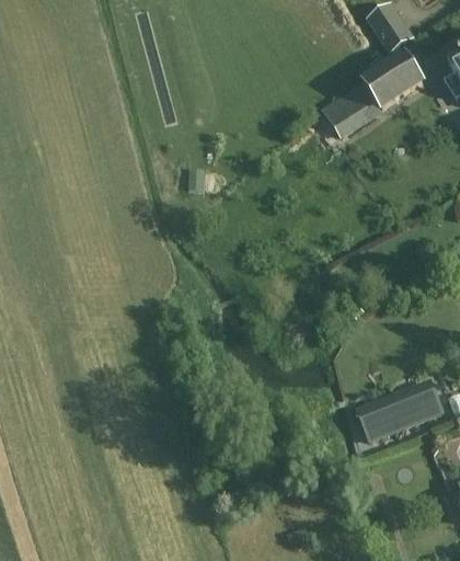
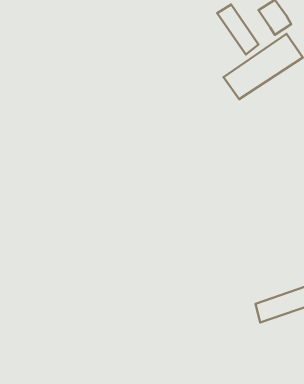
building: none -> [217,5,258,54]

